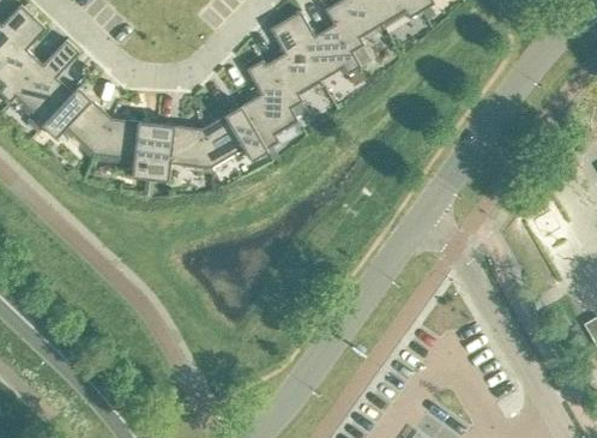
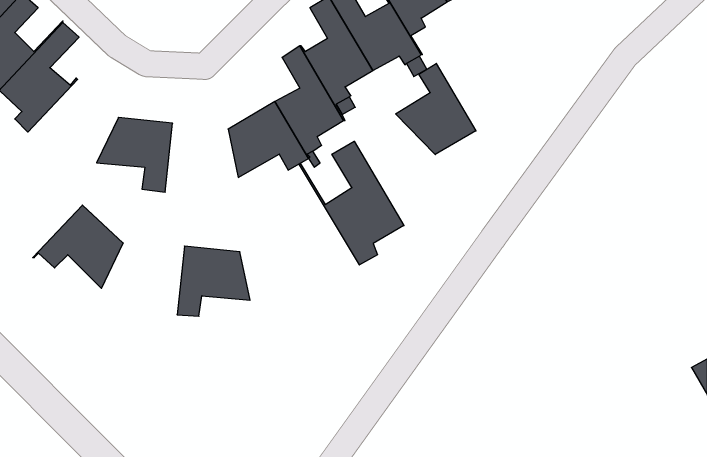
building: none -> [396,63,476,155]
building: [38,88,113,156] -> [33,205,123,288]
building: [151,124,211,181] -> [177,246,250,316]
building: none -> [300,141,404,265]

